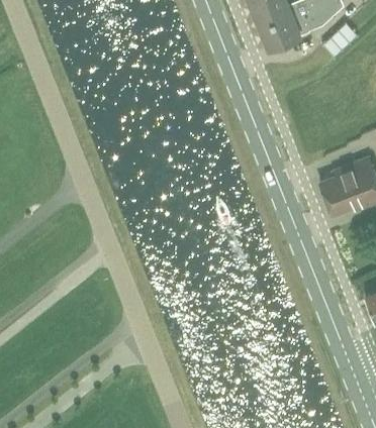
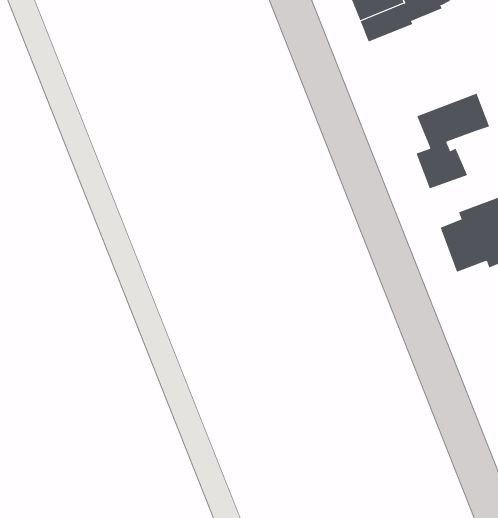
building: none -> [416,93,490,189]

